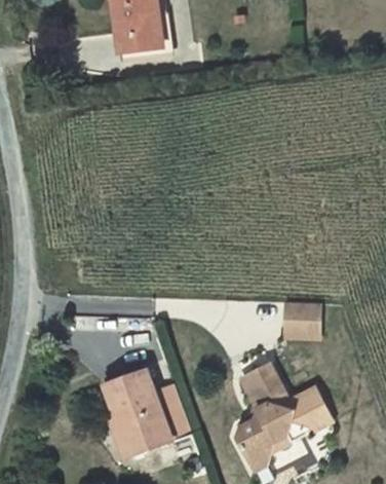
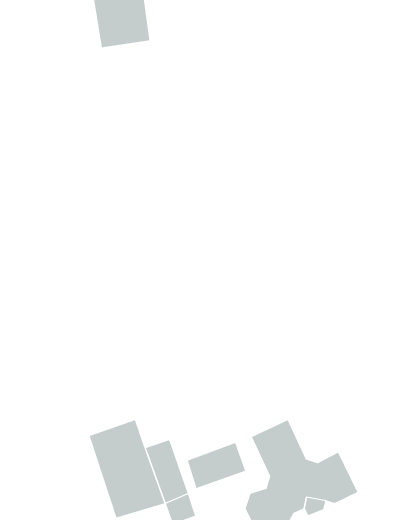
building: [283,302,317,337] -> none
building: none -> [187,442,246,489]

